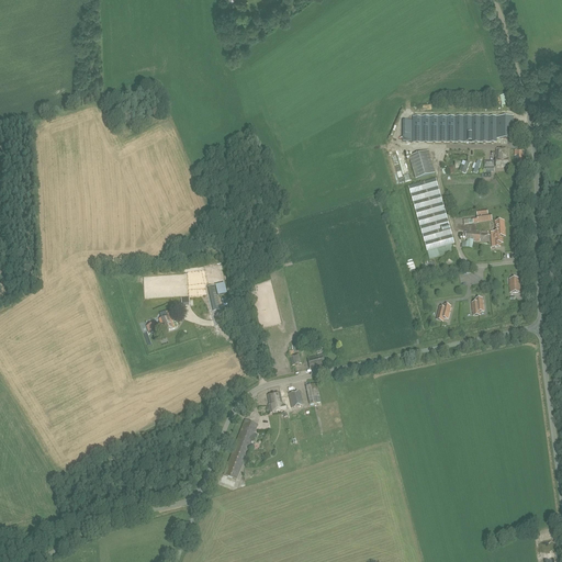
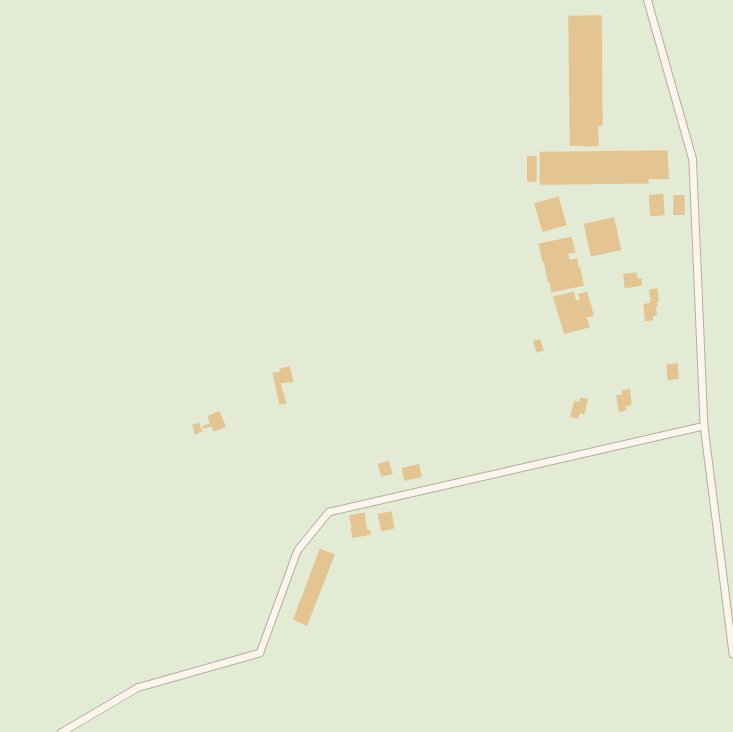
building: none -> [567,14,603,147]
building: none -> [583,216,622,257]

